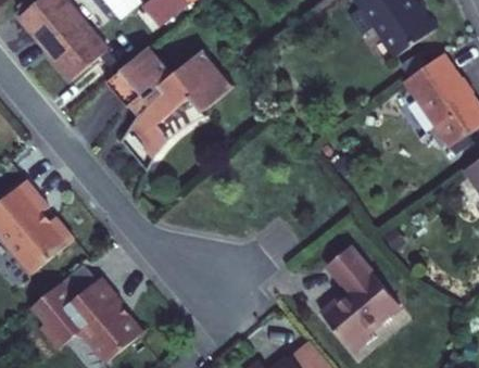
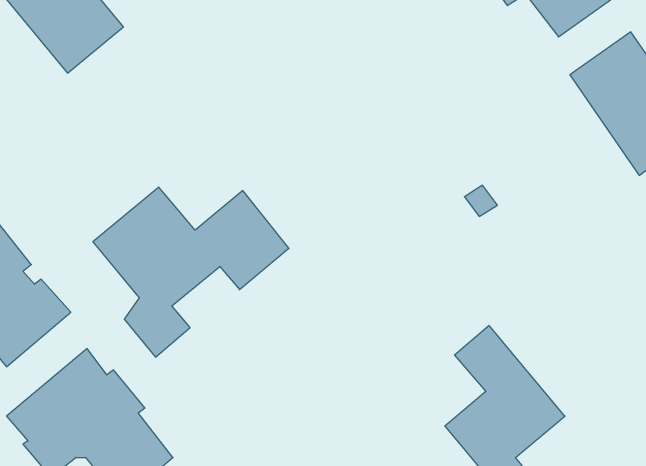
building: [105,46,235,157] -> [93,187,289,357]

